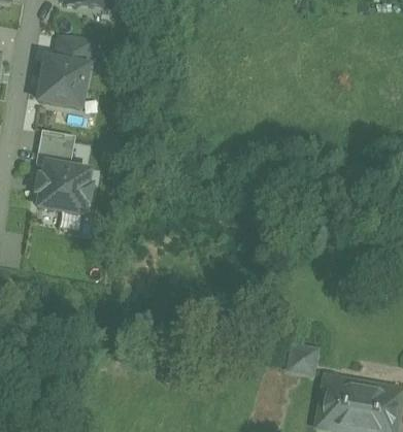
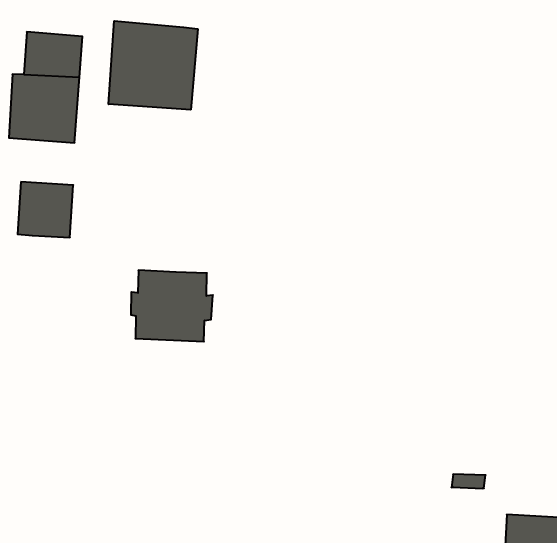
building: none -> [109,21,198,110]
building: [37,165,91,215] -> [131,270,213,342]

